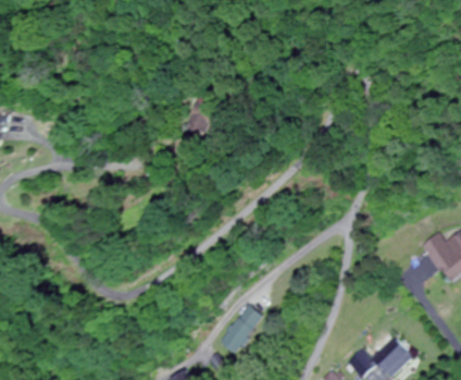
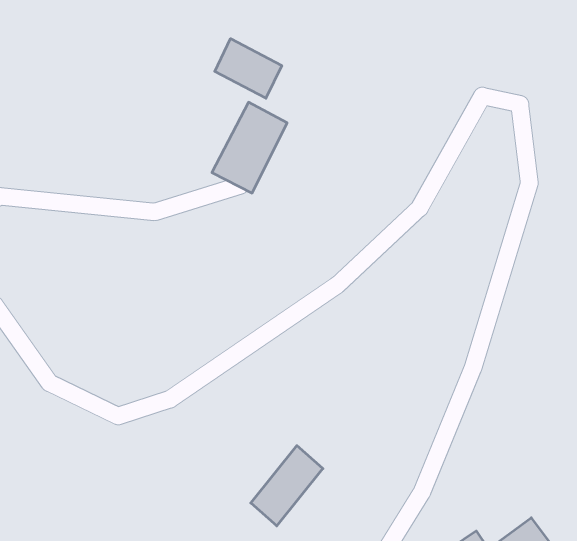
building: none -> [215,39,282,98]

